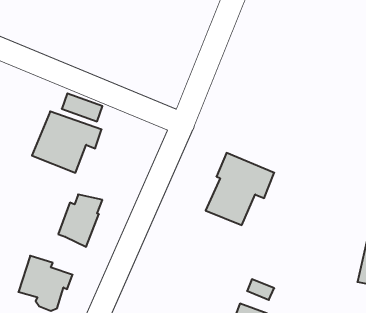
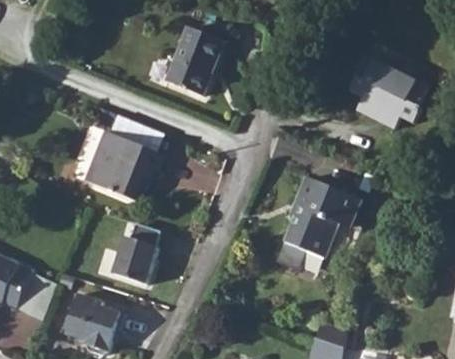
building: none -> [171,25,228,94]
building: none -> [344,53,425,128]

